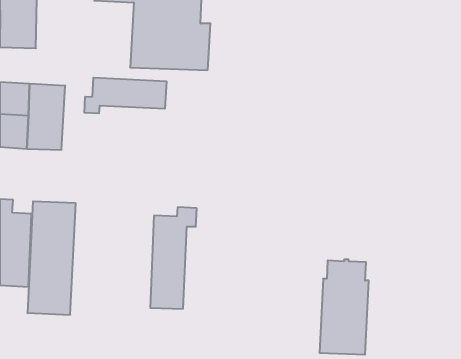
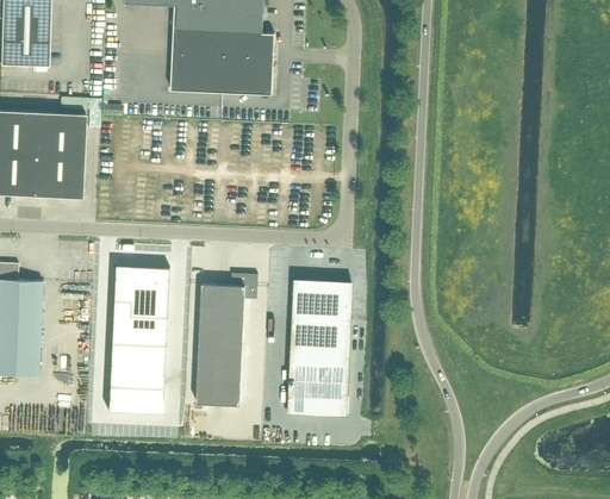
building: [84,78,166,113] -> none
building: [27,201,76,315] -> [107,264,170,412]
building: [319,260,369,355] -> [287,292,351,416]

